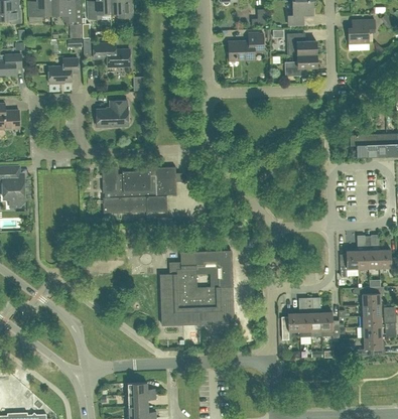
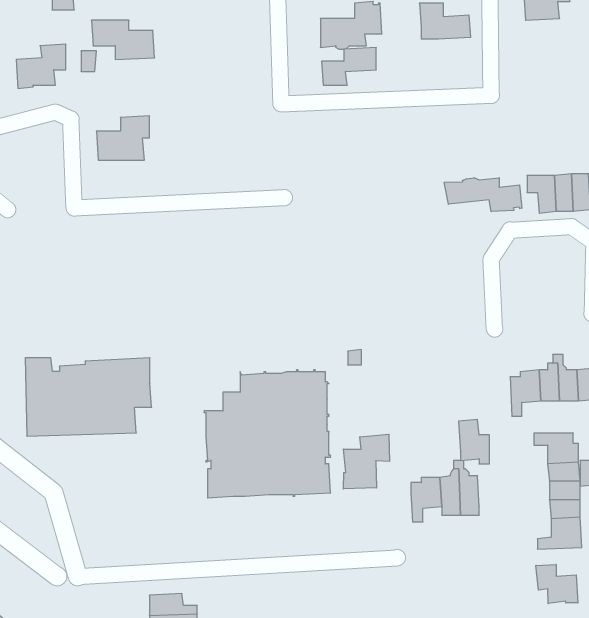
building: [284,53,316,76] -> [322,48,376,85]
building: none -> [444,178,522,212]
building: [102,166,176,213] -> [25,358,152,436]
building: none -> [343,434,390,489]
building: [320,311,339,337] -> [459,419,489,464]
building: none -> [536,564,578,604]

